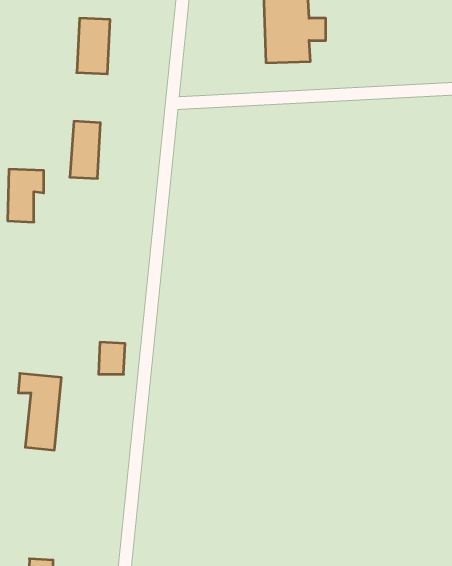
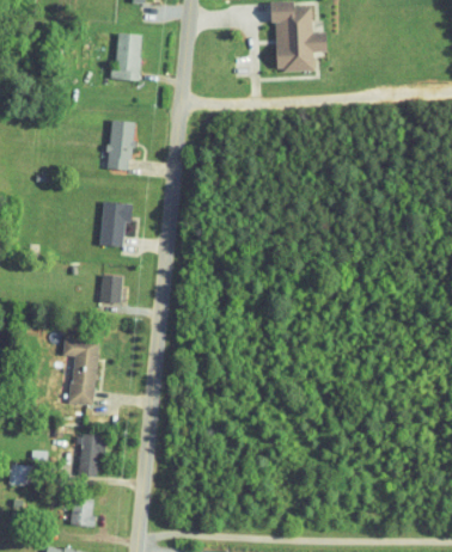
building: [8,169,44,222] -> [102,201,133,246]
building: [99,342,125,374] -> [100,274,123,301]
building: none -> [79,434,103,476]

